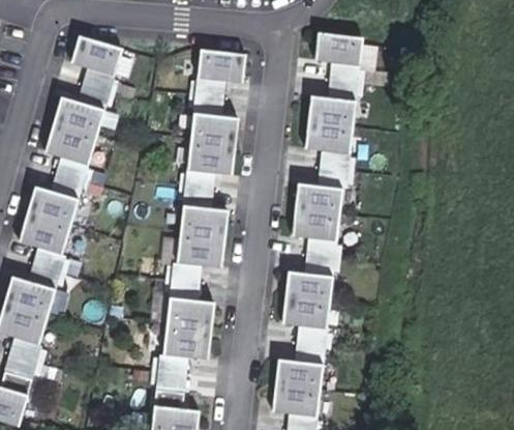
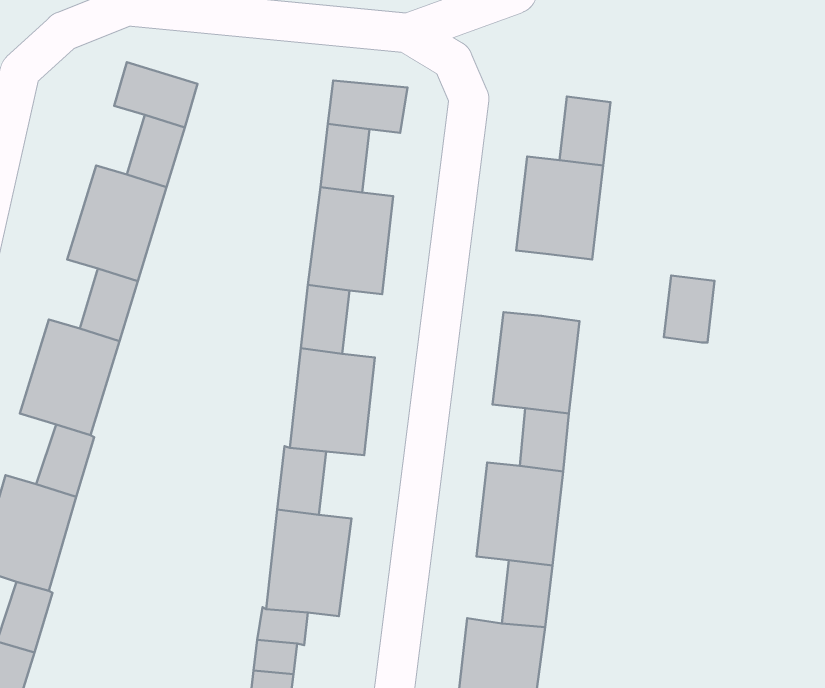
building: [315,32,362,64] -> none
building: [320,151,349,190] -> [664,276,715,343]

